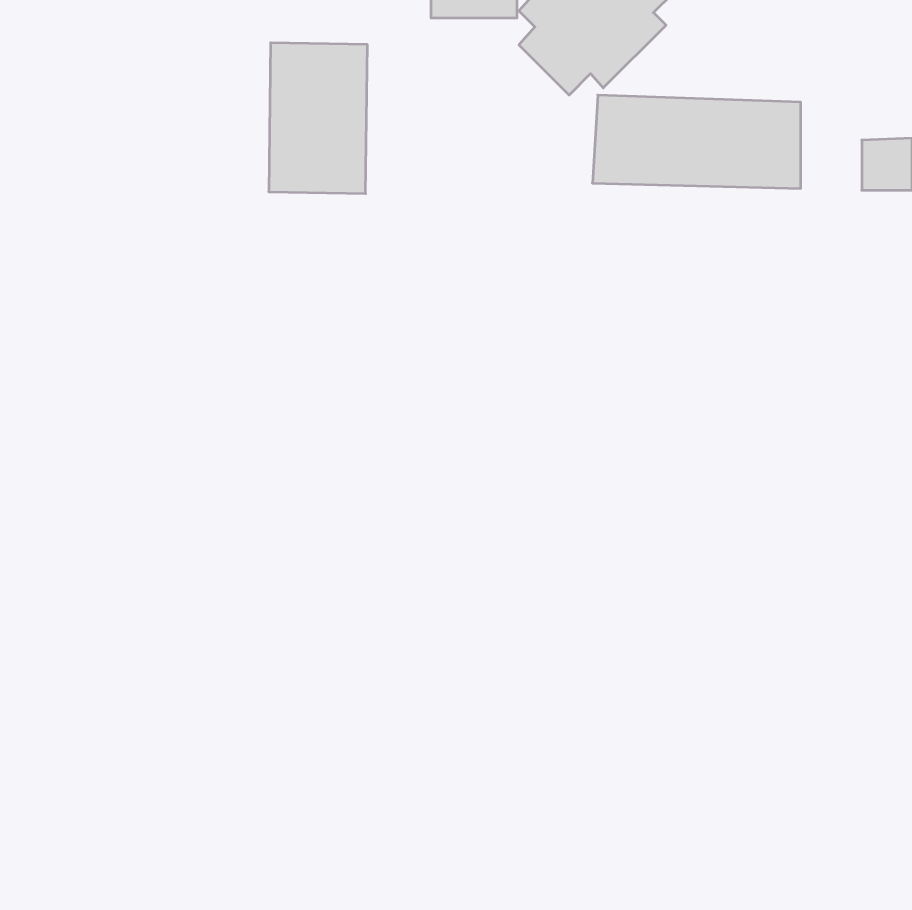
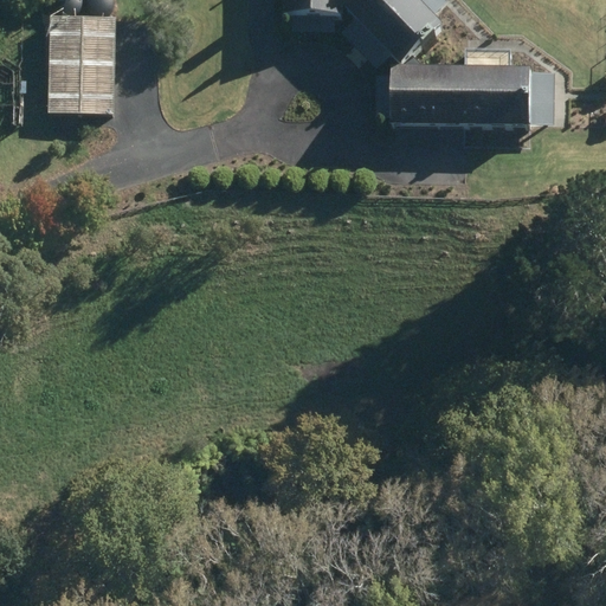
building: [269,43,367,194] -> [49,9,114,109]

